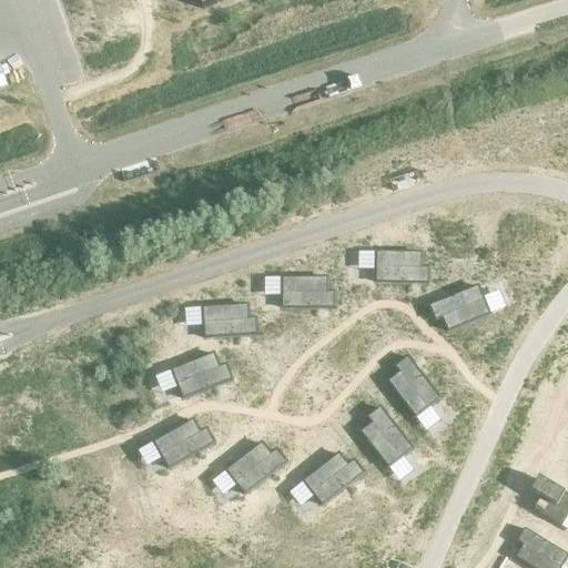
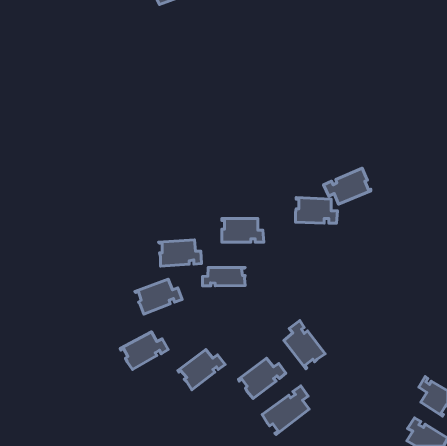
building: [429,284,489,329] -> [324,168,371,204]
building: none -> [203,268,245,286]
building: [387,356,439,416] -> none
building: none -> [262,386,309,435]

